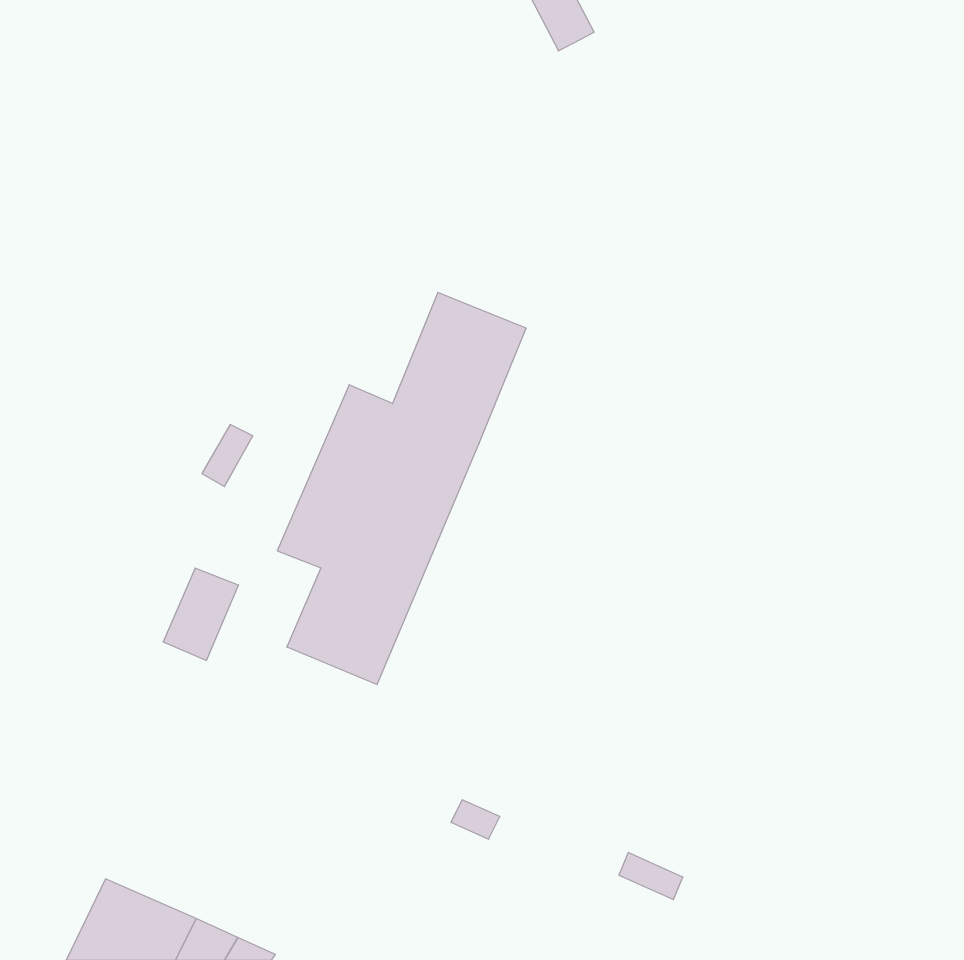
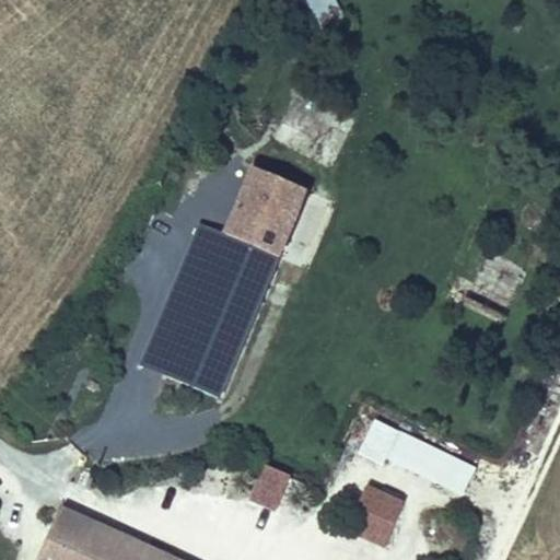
building: [163,568,239,661] -> [142,319,186,373]
building: none -> [360,419,477,498]

